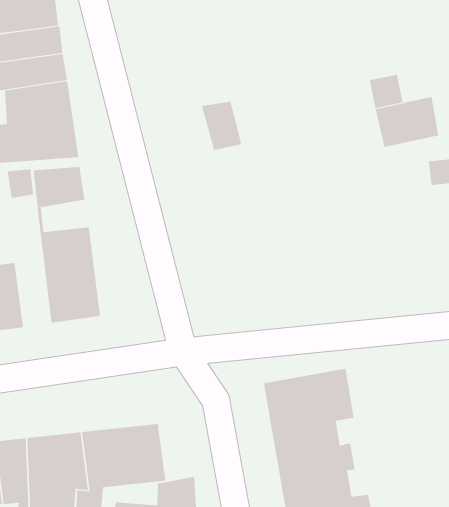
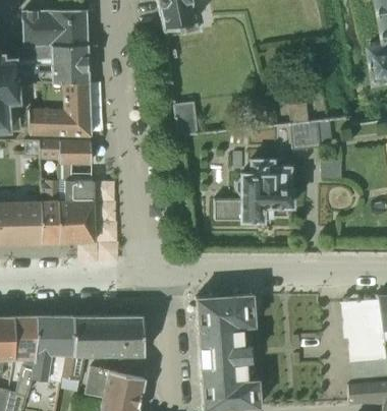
building: none -> [214,158,294,222]
building: none -> [41,180,60,243]
building: none -> [124,316,145,355]

